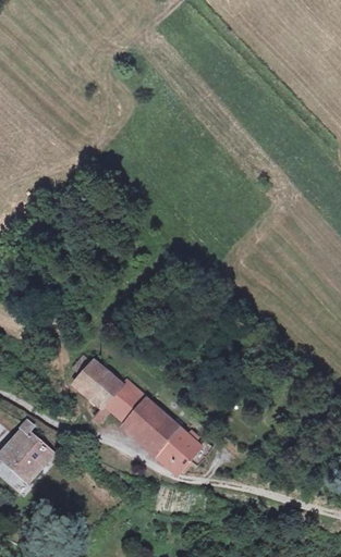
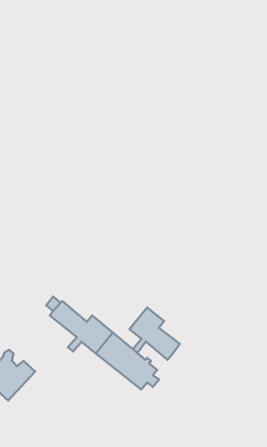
building: none -> [130,307,180,360]

